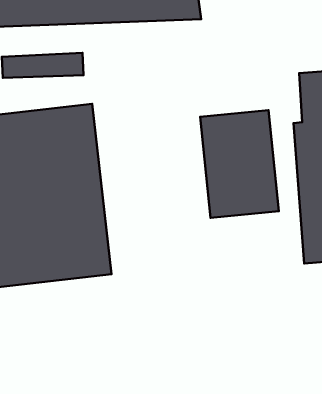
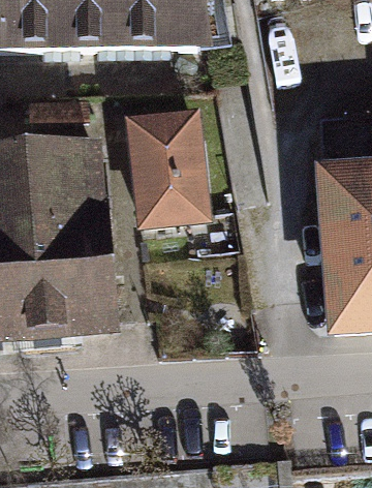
building: [200,110,279,218] -> [128,111,213,226]

